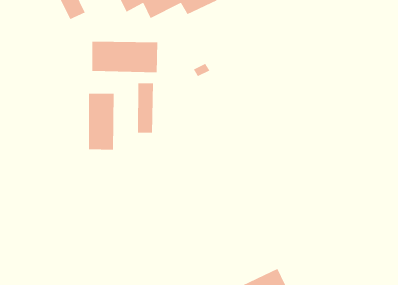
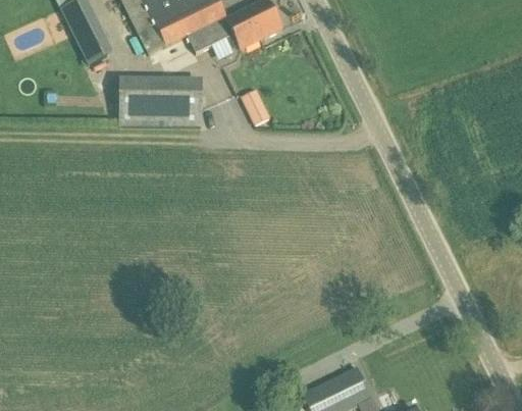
building: [137,82,154,134] -> none
building: [88,93,114,150] -> none

